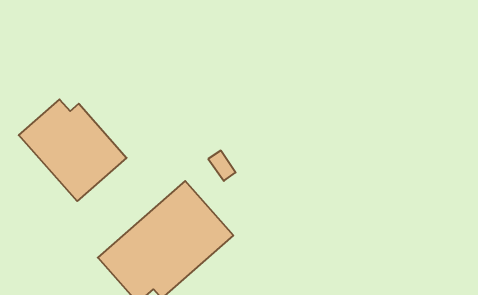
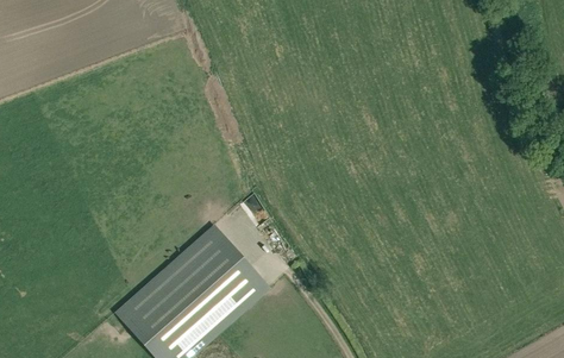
building: [19,99,127,201] -> none

